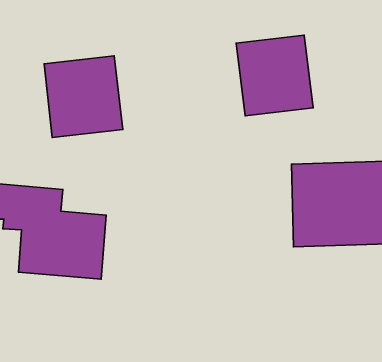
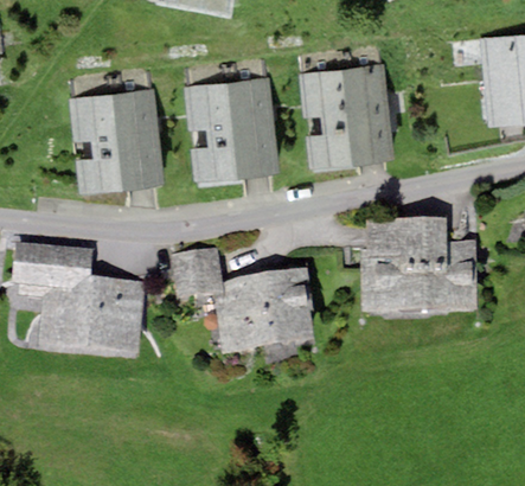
building: none -> [186,79,276,175]
building: none -> [169,249,319,357]

